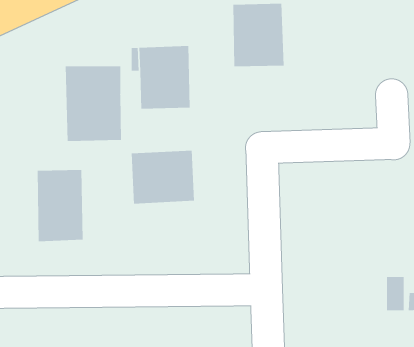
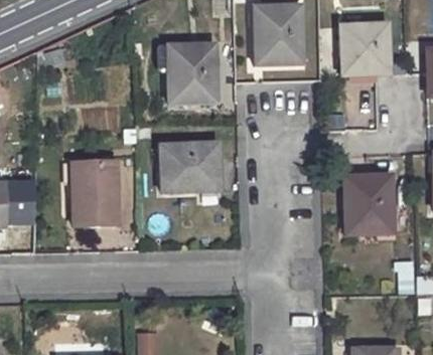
building: none -> [341,23,389,75]
building: [65,65,122,142] -> none
building: none -> [345,175,394,233]

